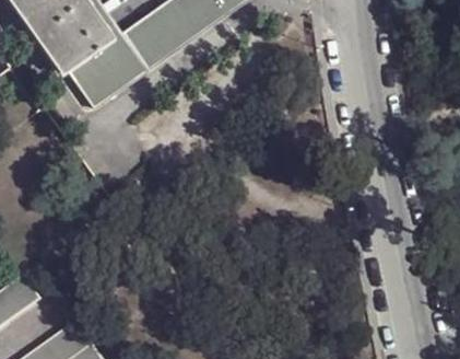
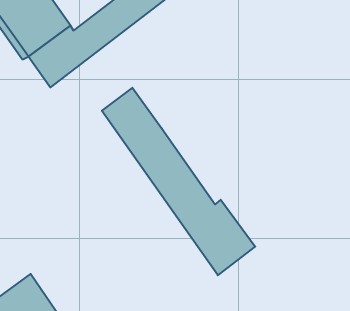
building: none -> [102,88,255,275]

